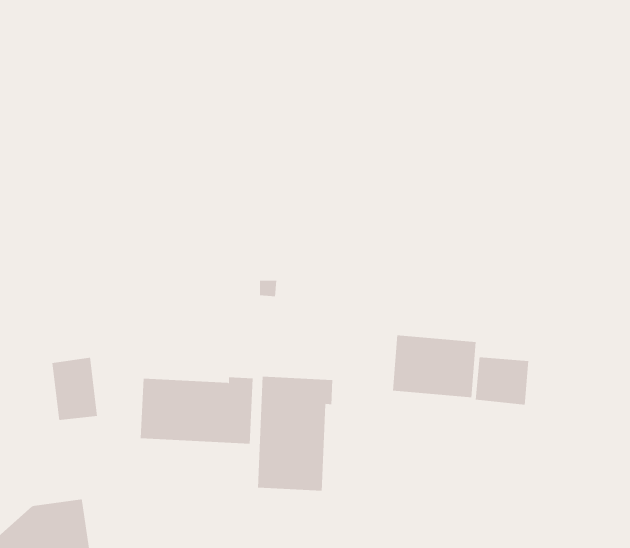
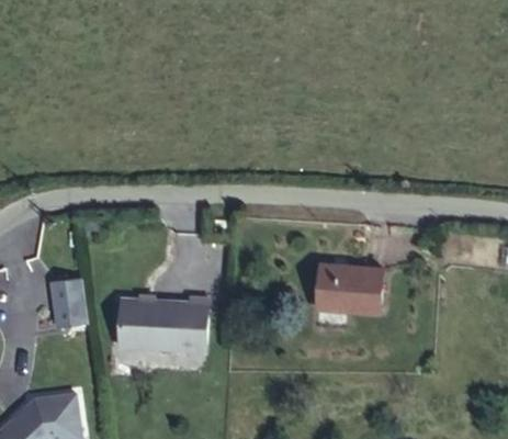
building: [475,356,529,405] -> none
building: [257,376,333,491] -> none

